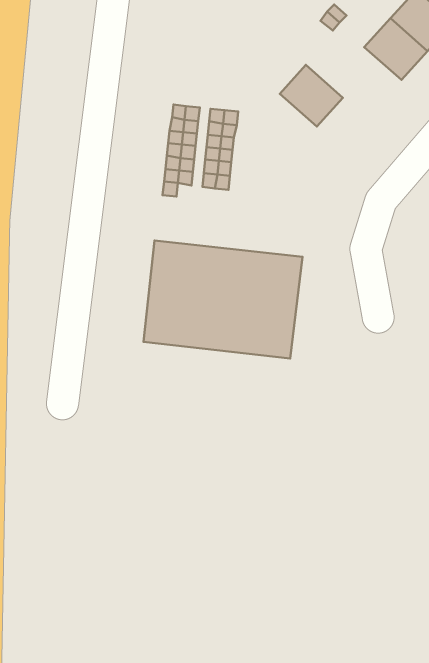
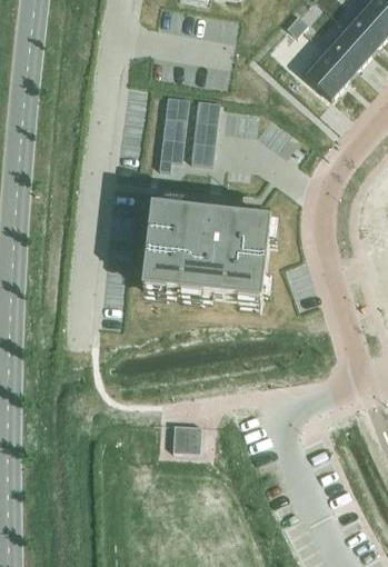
building: [280,65,343,127] -> [301,48,352,98]
building: none -> [172,422,201,451]

